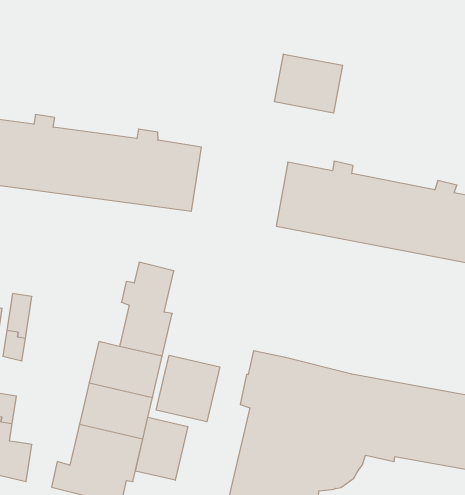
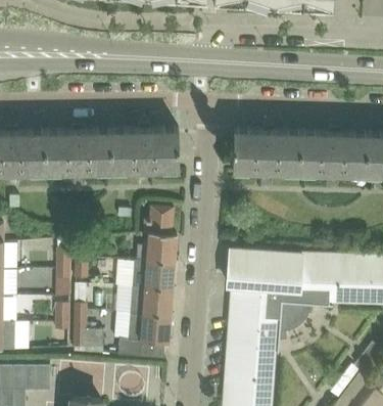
building: [274,54,342,113] -> none
building: [156,355,220,422] -> none
building: [135,417,188,480] -> none

